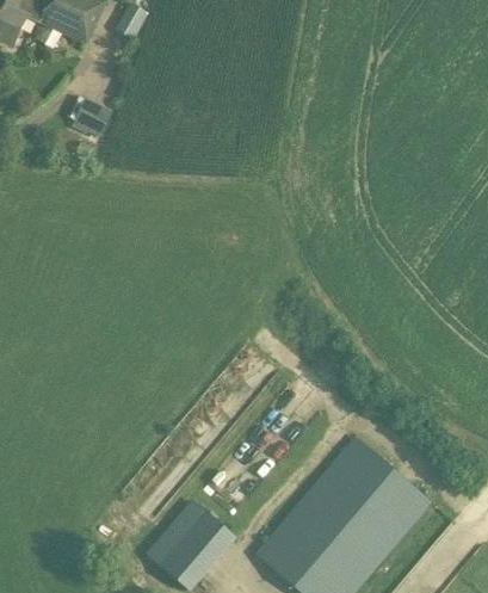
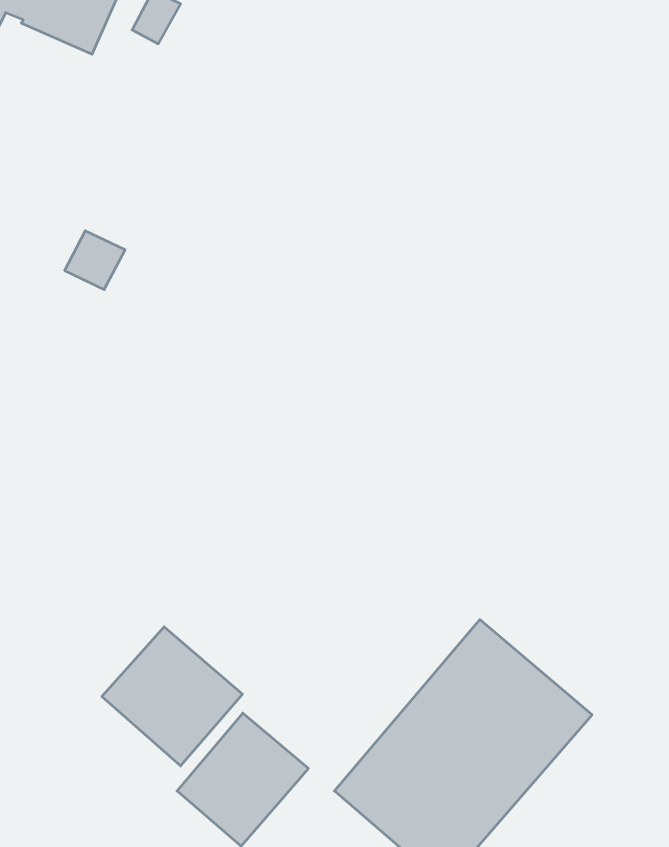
building: [70,97,112,137] -> [65,231,125,290]
building: none -> [102,627,242,766]

